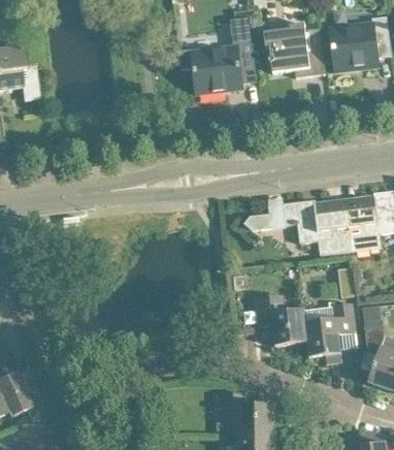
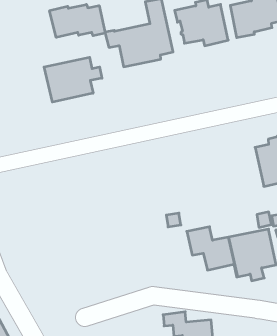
building: none -> [50,4,105,37]
building: none -> [44,57,102,102]
building: [243,199,351,255] -> none

